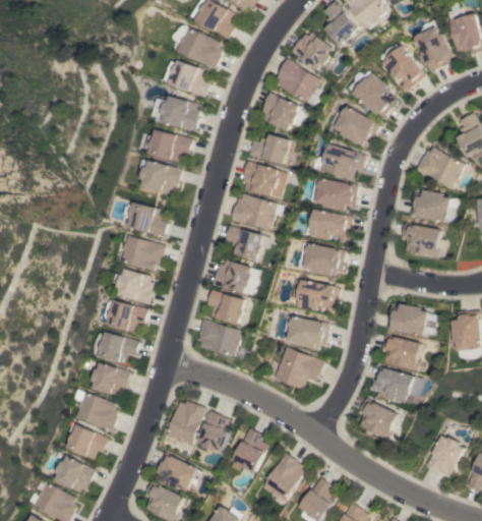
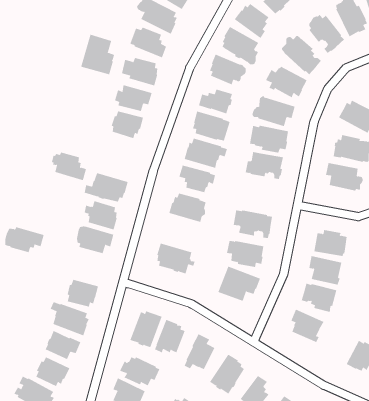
building: none -> [81,34,115,75]
building: [124,202,167,237] -> [51,152,87,181]
building: [298,242,345,277] -> none
building: [207,290,246,325] -> none
building: [91,332,138,363] -> [5,226,44,253]

